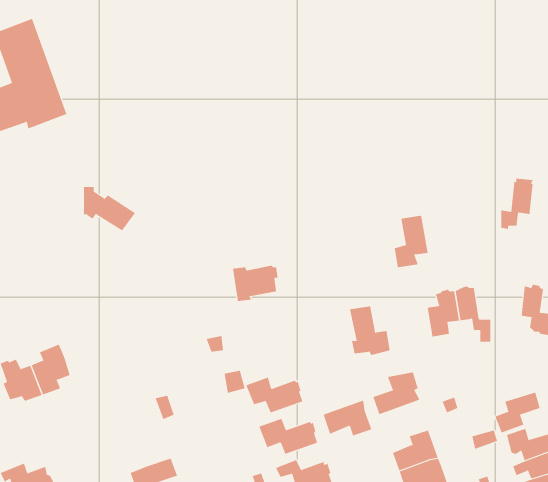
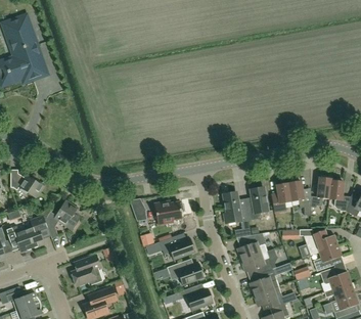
building: [501,178,534,230] -> [311,176,331,208]
building: [83,187,136,231] -> [11,170,44,197]
building: [394,215,428,268] -> [246,187,268,220]
building: [232,265,278,301] -> [154,201,183,224]
building: none -> [45,200,81,238]
building: none -> [304,229,339,256]
building: [323,400,372,436] -> [241,250,272,273]
building: none -> [72,255,102,285]

